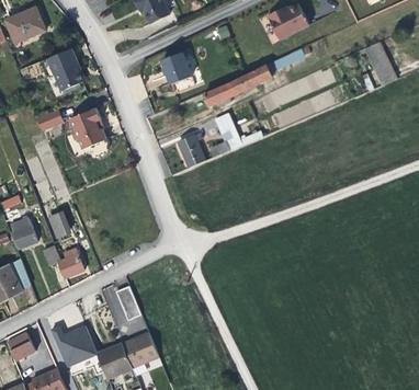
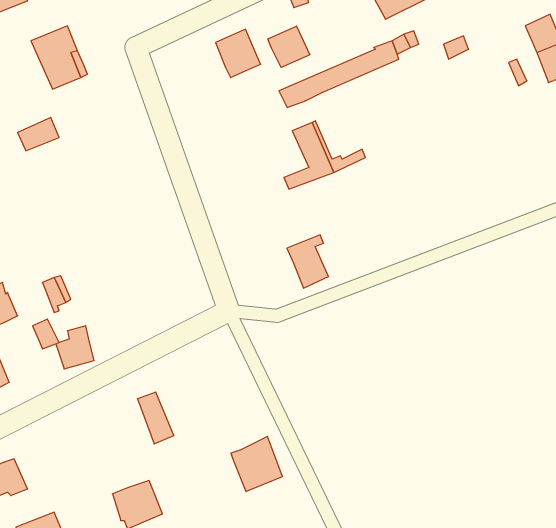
building: none -> [268,26,310,67]
building: [66,106,106,150] -> none
building: [179,131,206,167] -> [287,235,329,288]
building: [55,325,100,366] -> none
building: [121,333,155,369] -> [231,437,282,492]

